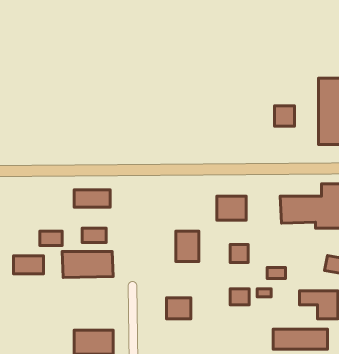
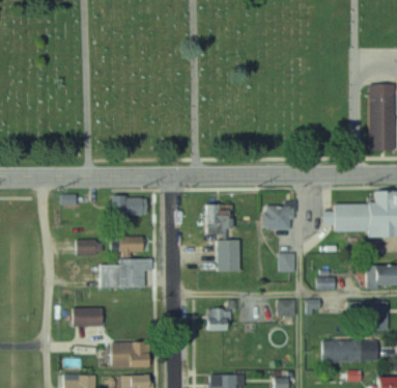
building: [275,106,294,126] -> none
building: none -> [207,205,237,234]
building: [13,256,44,274] -> [76,308,107,327]

